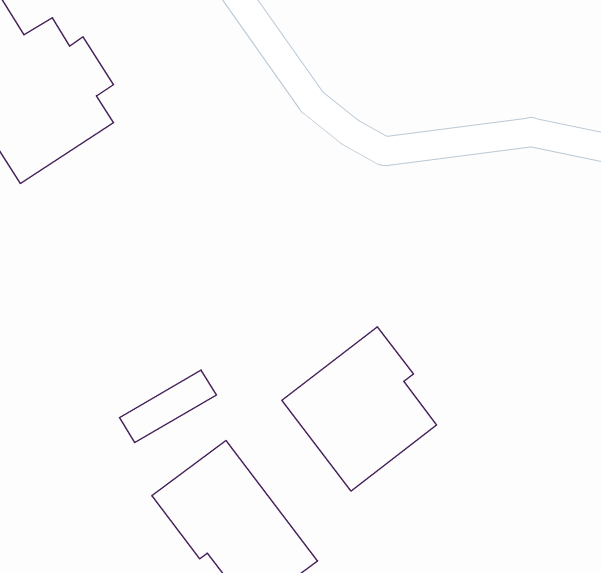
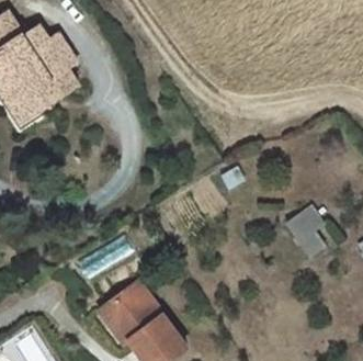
building: none -> [283,203,330,255]
building: [282,327,437,491] -> none

